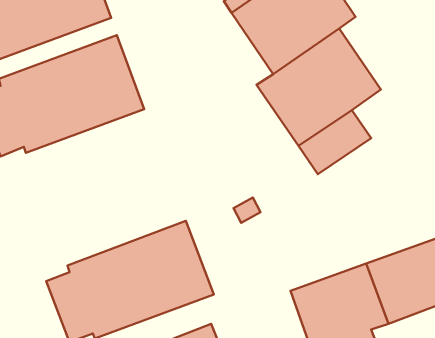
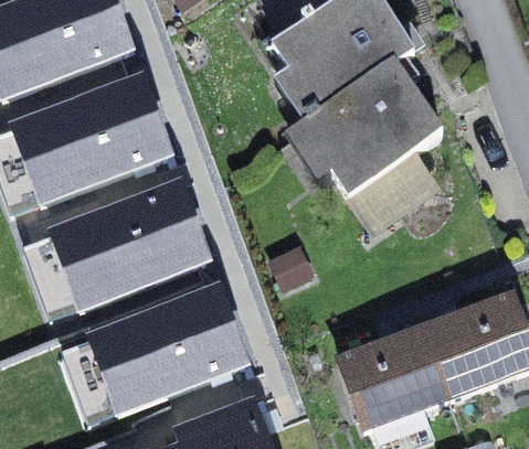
building: none -> [23,175,213,313]

